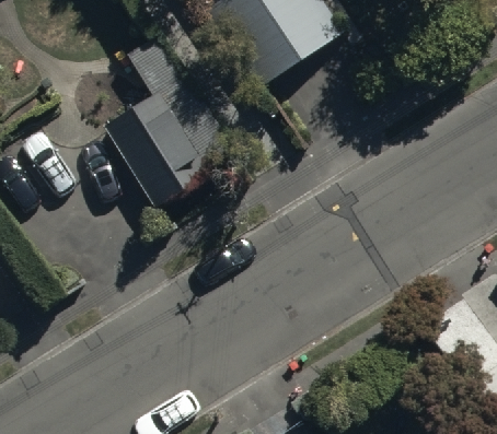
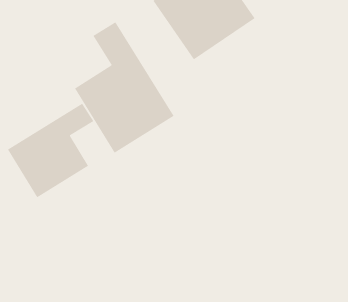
building: none -> [7,103,94,198]

